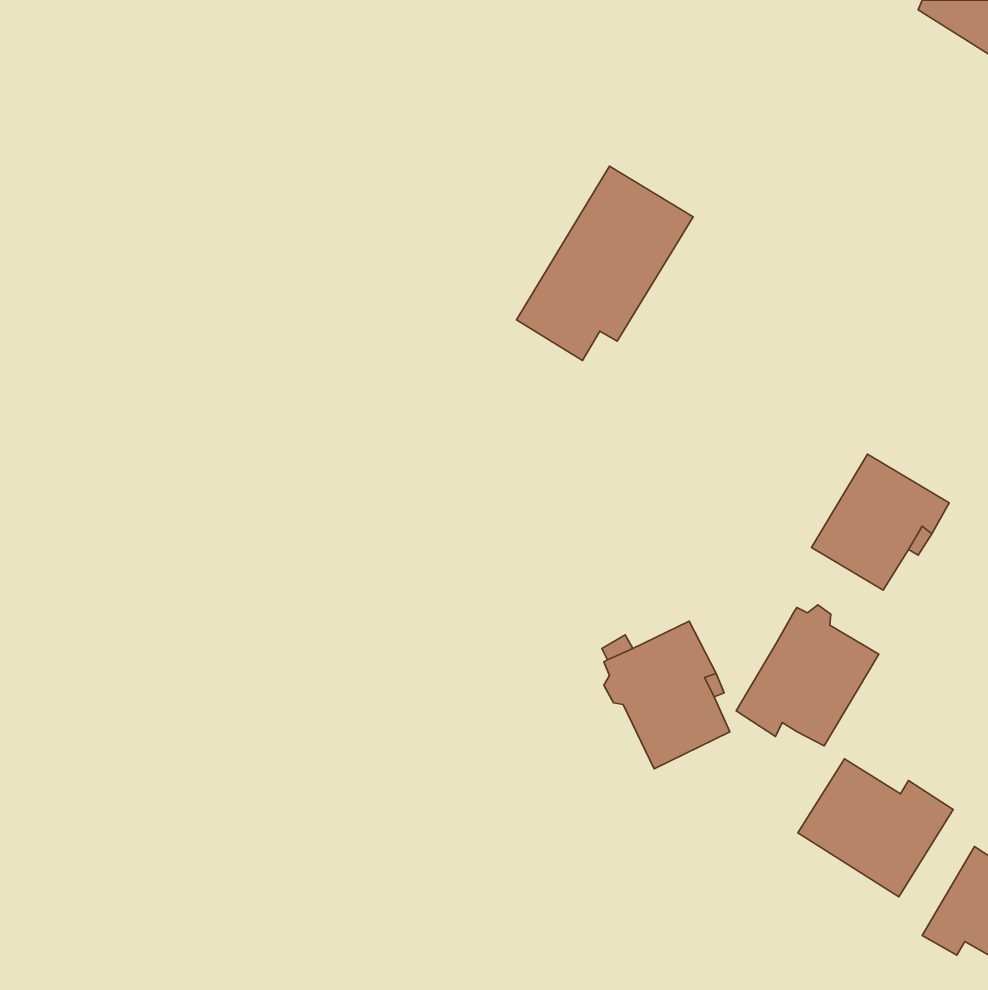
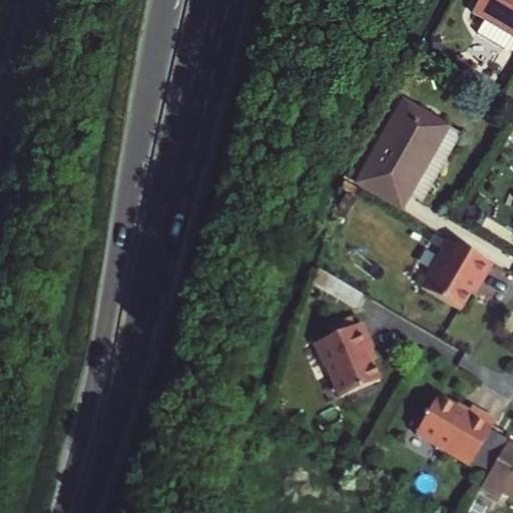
building: [516,166,693,360] -> [360,98,451,198]
building: [736,605,879,746] -> none

